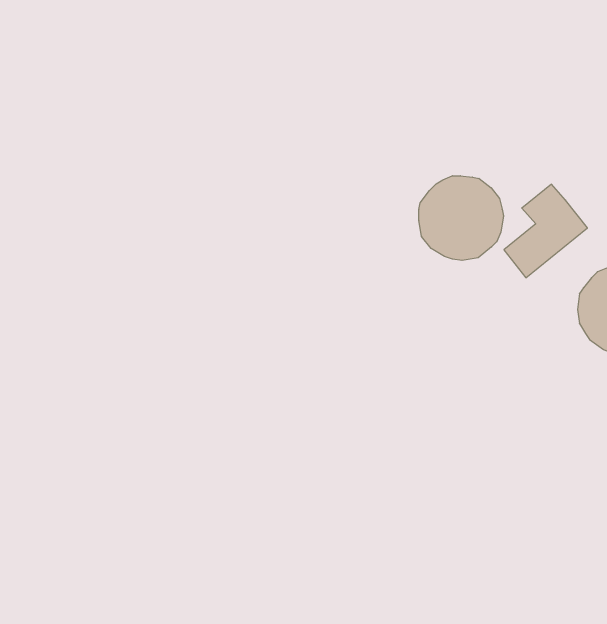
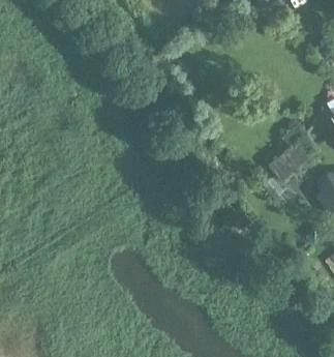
building: [419,176,503,260] -> none

